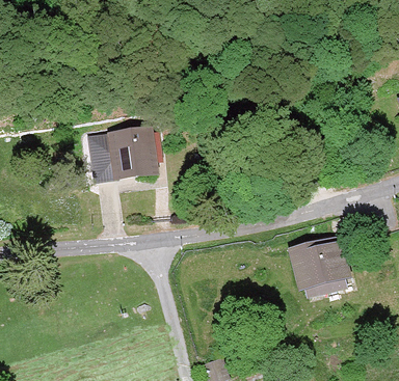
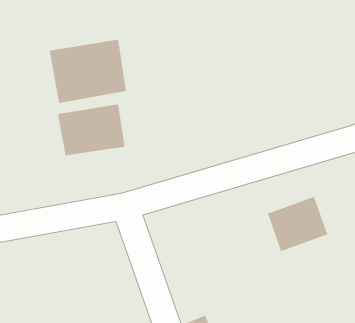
building: none -> [49,39,127,104]

